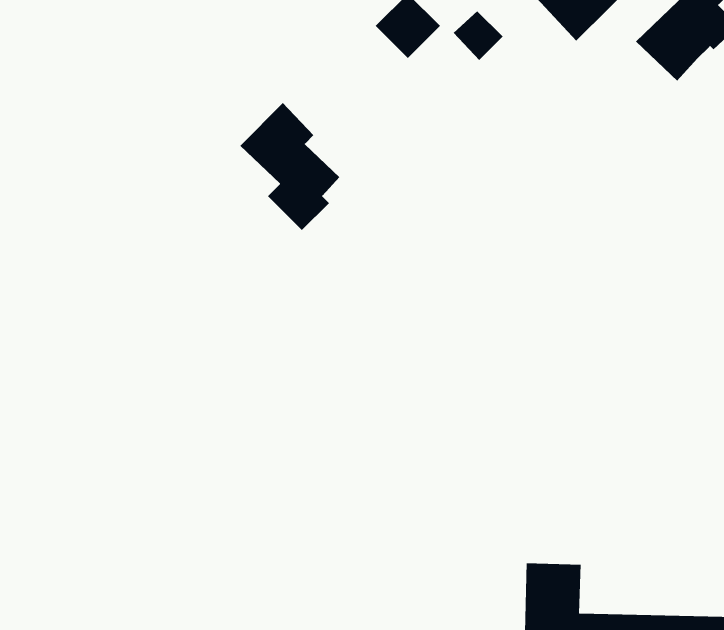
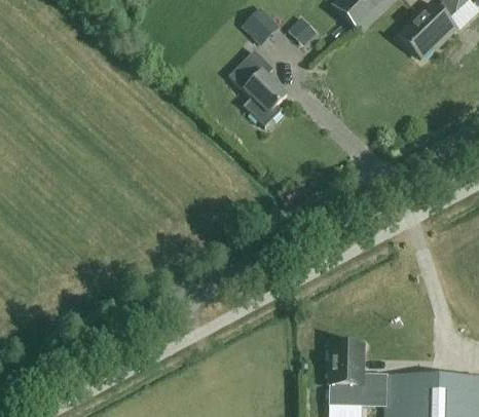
building: [239,102,340,231] -> [228,50,288,126]

